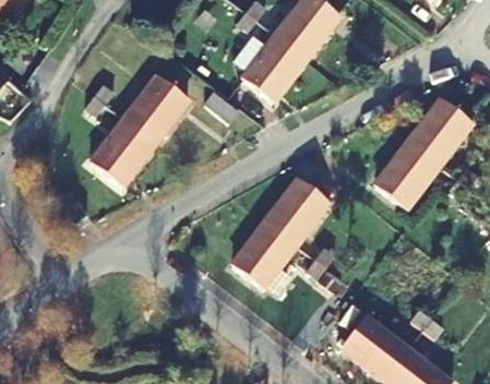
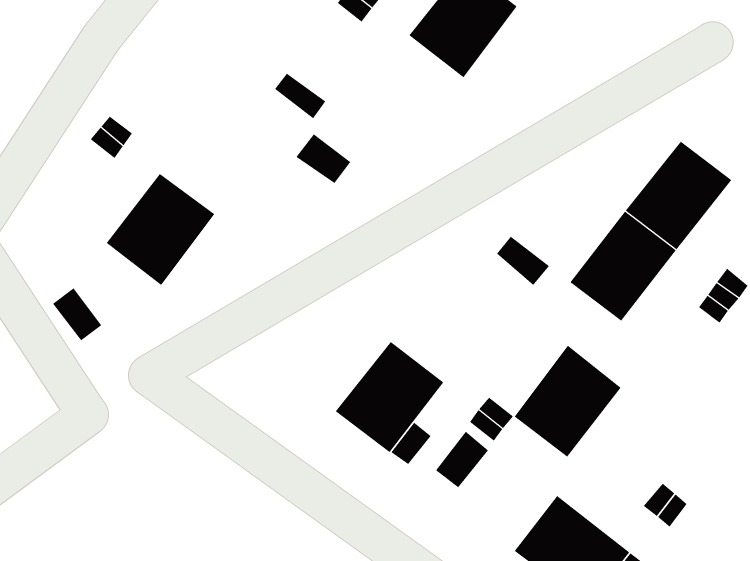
building: [243,33,309,100] -> none
building: [123,74,190,142] -> none
building: [264,176,330,244] -> [514,345,621,458]

